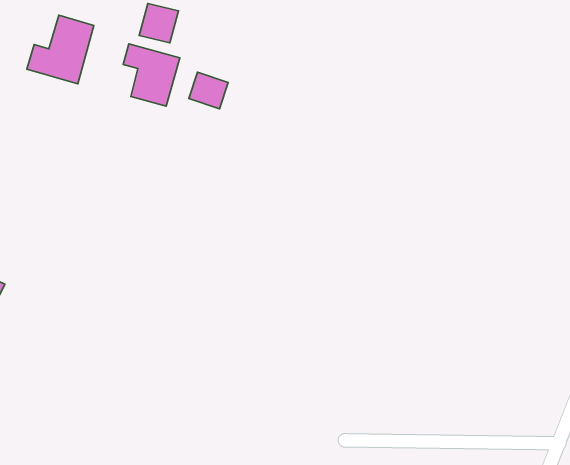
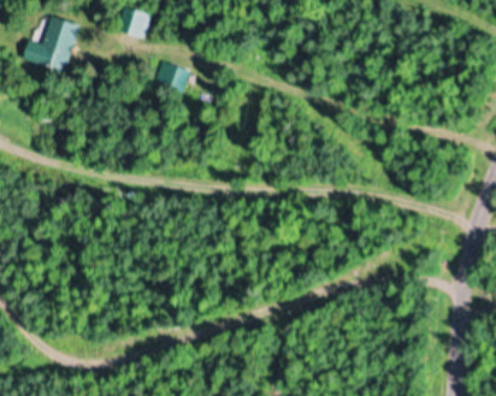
building: [123,44,180,106] -> none

